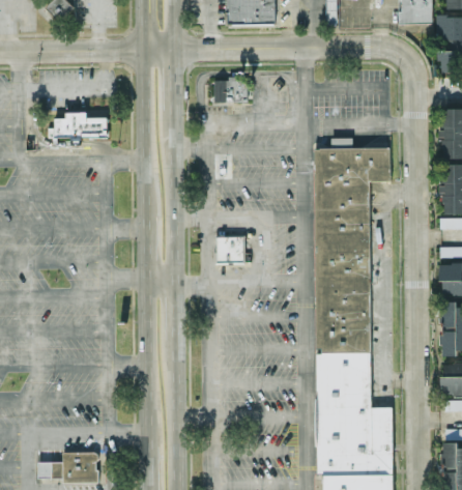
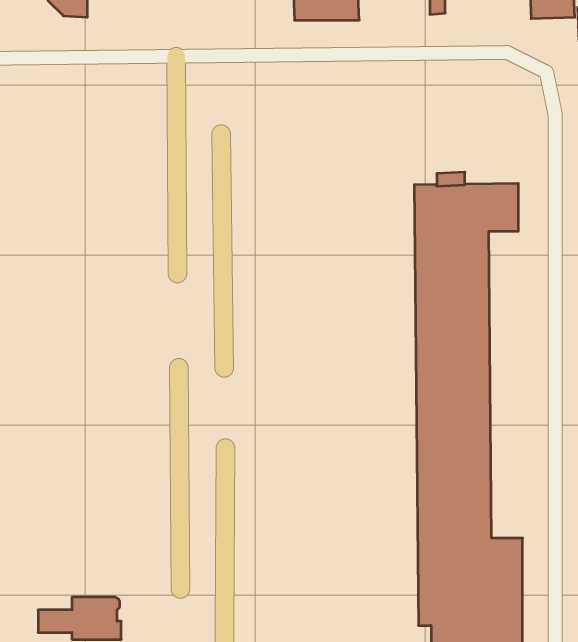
building: [214,78,248,104] -> none
building: [48,113,108,142] -> none
building: [216,234,244,263] -> none

